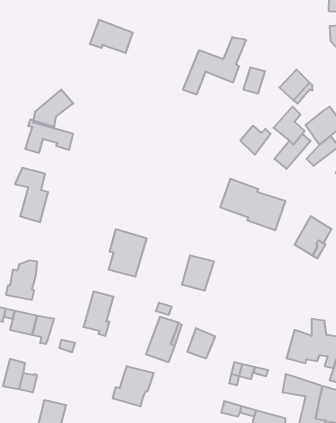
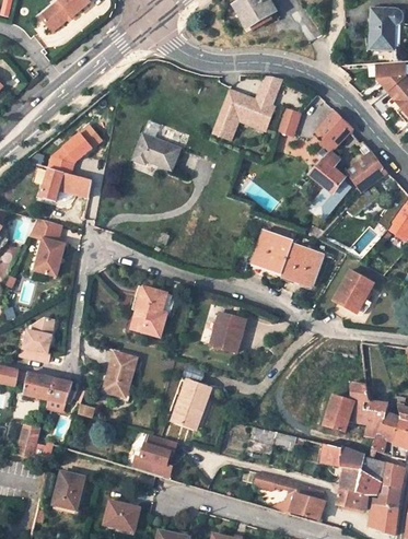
building: [90,20,133,53] -> [131,133,178,169]
building: [240,126,271,155] -> none
building: [187,328,215,358] -> none

